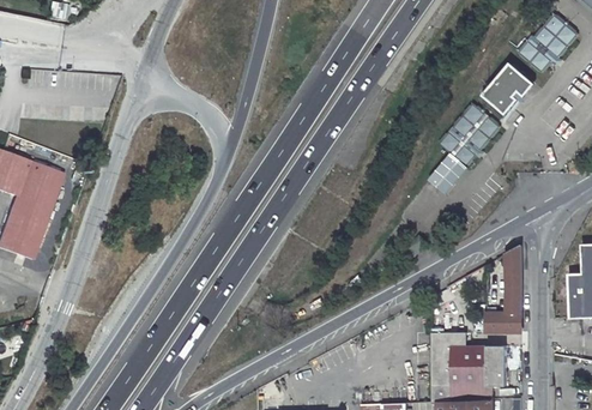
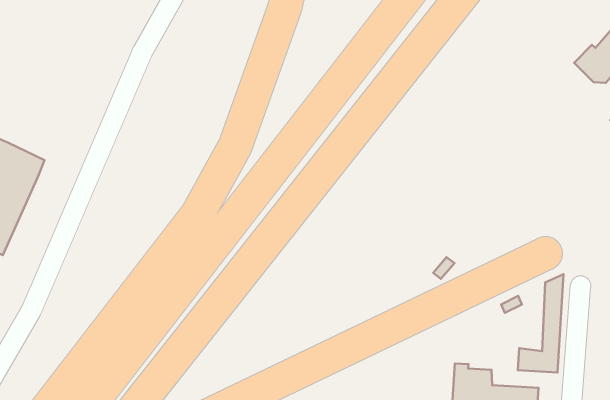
building: [483,72,531,111] -> none
building: [429,103,500,193] -> none

